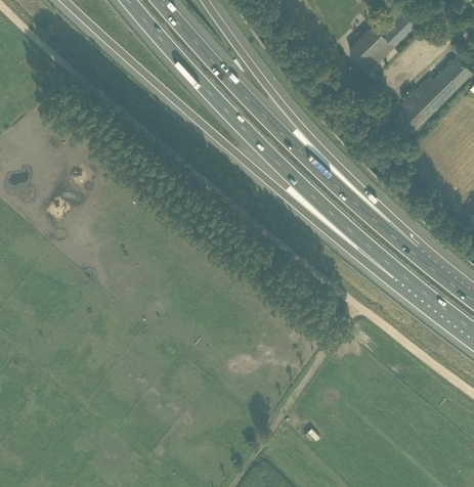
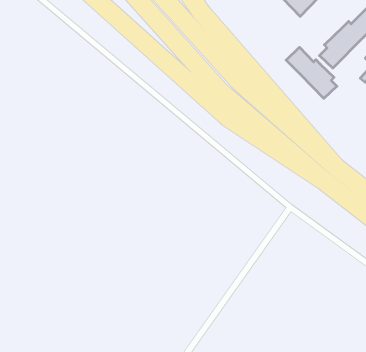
building: none -> [286,47,337,98]

